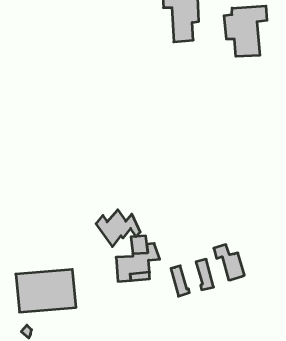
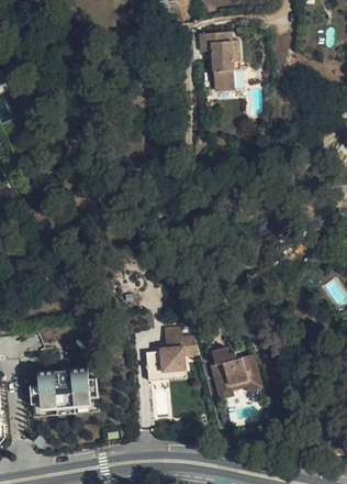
building: [224,6,267,56] -> none
building: [96,210,140,247] -> none
building: [214,245,244,280] -> [212,348,248,389]

